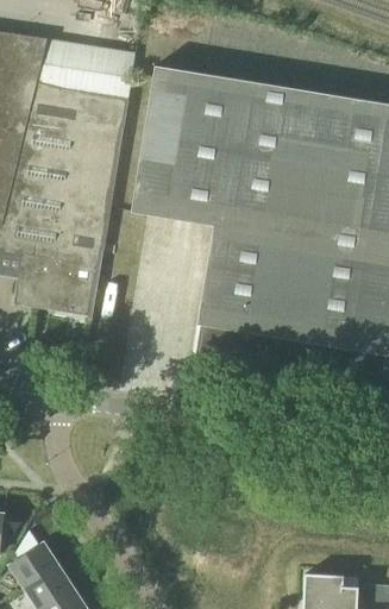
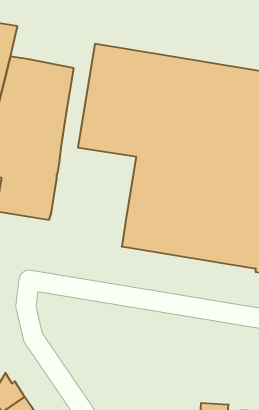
building: [49,42,140,93] -> none

